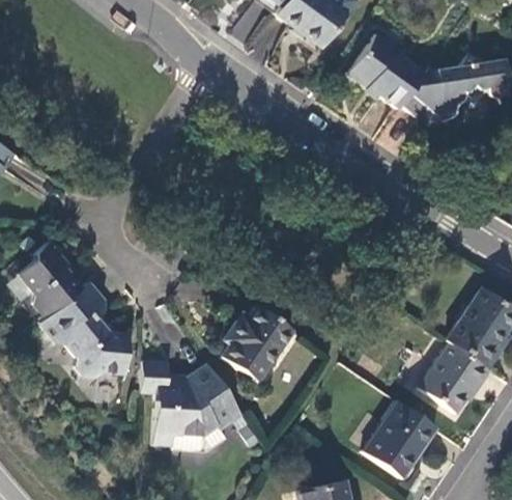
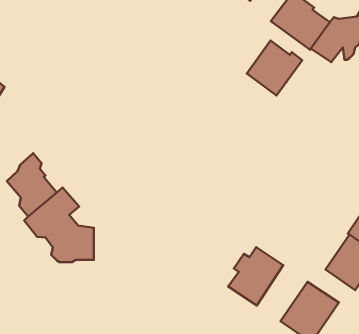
building: none -> [247,41,302,96]
building: [224,306,293,380] -> [228,247,283,305]
building: [142,360,245,449] -> none

